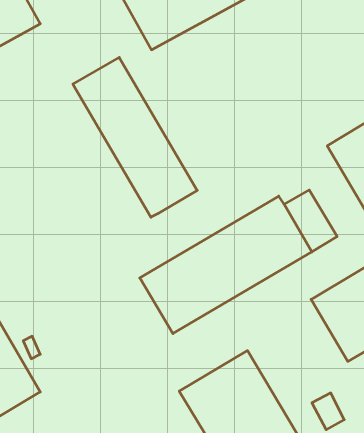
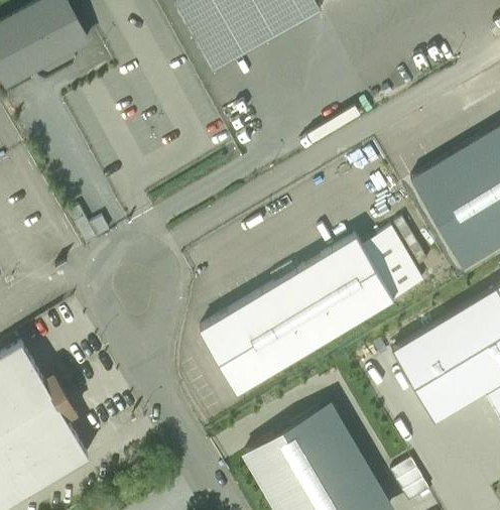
building: [73,57,197,217] -> none

